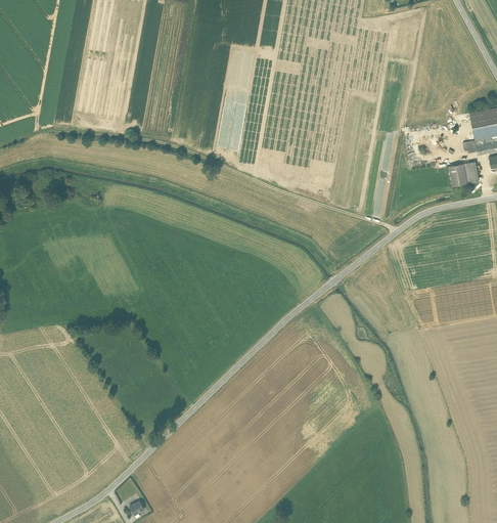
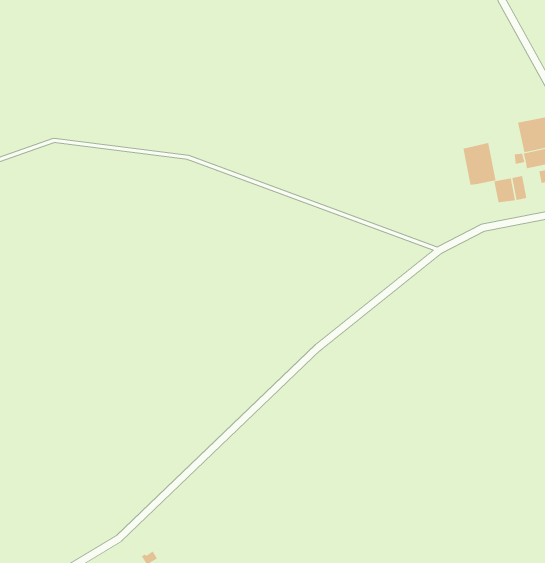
building: none -> [463,142,496,185]

